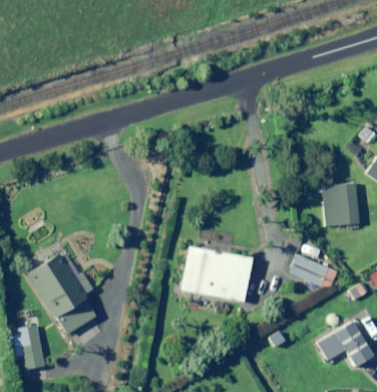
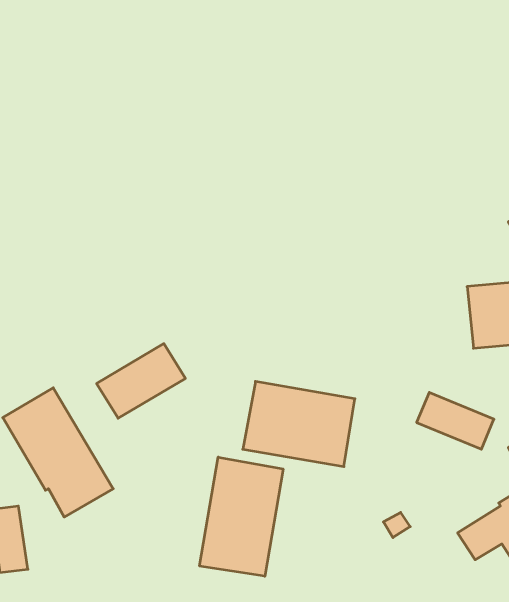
building: none -> [97,344,185,418]
building: none -> [200,457,283,576]

